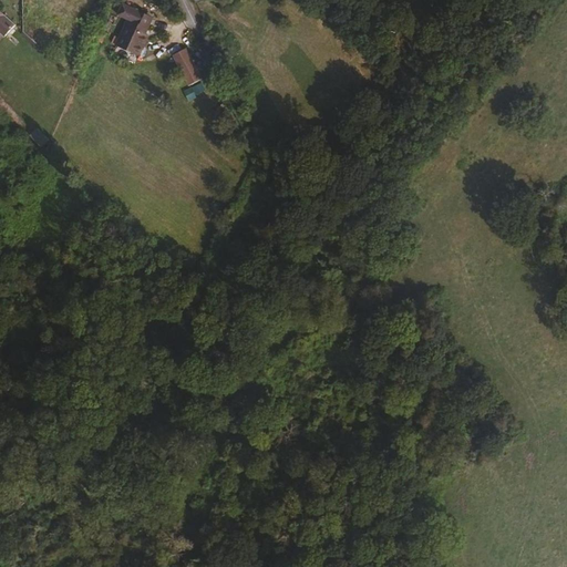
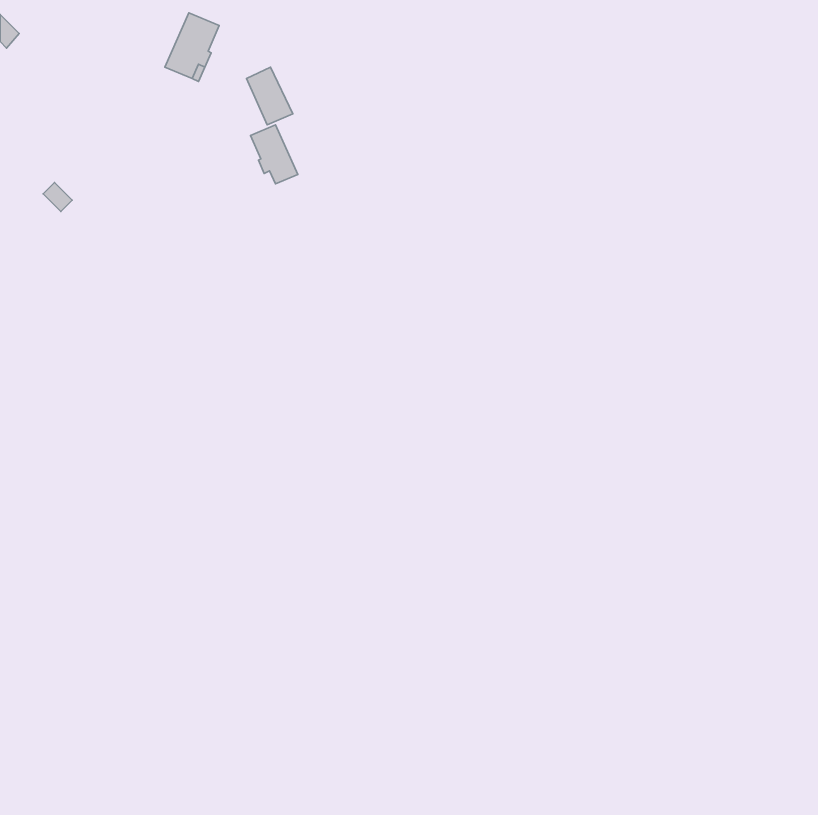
building: none -> [251,125,298,184]

